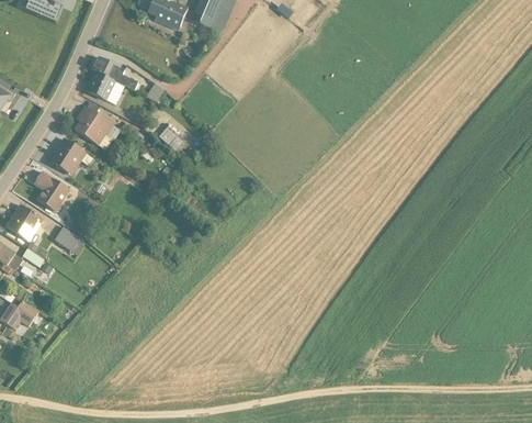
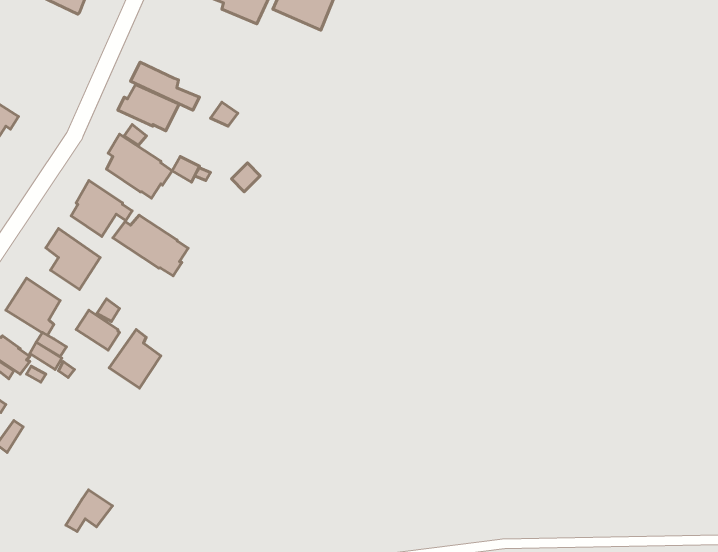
building: none -> [113,215,188,276]
building: none -> [109,330,161,388]
building: [7,299,38,327] -> [66,490,112,532]

